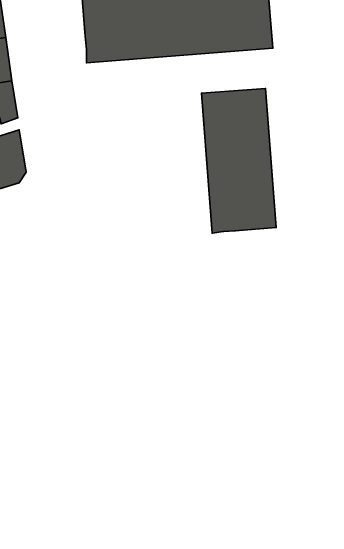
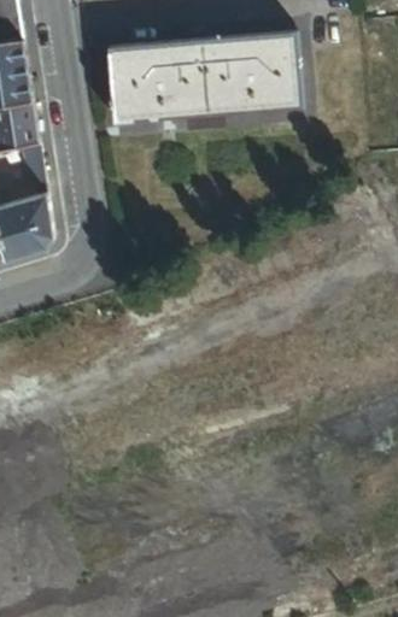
building: [201,89,276,233] -> none

